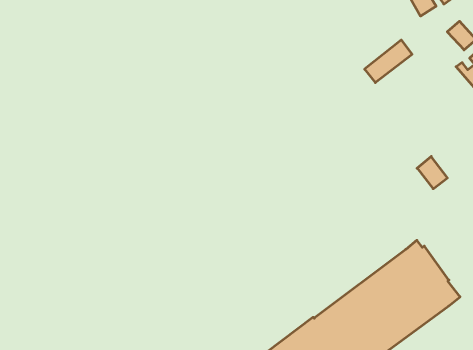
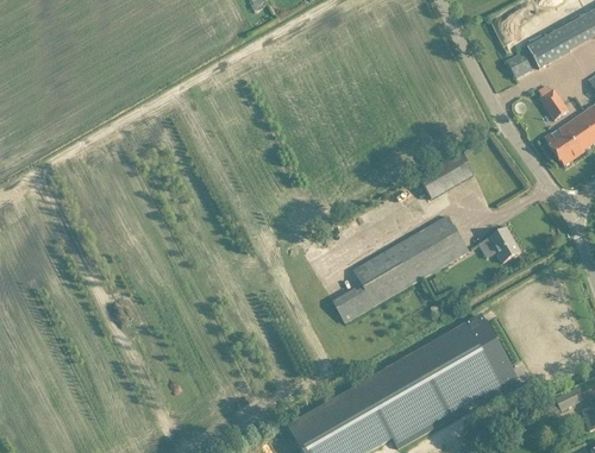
building: [365,40,412,83] -> [420,157,472,199]
building: none -> [337,214,469,321]

